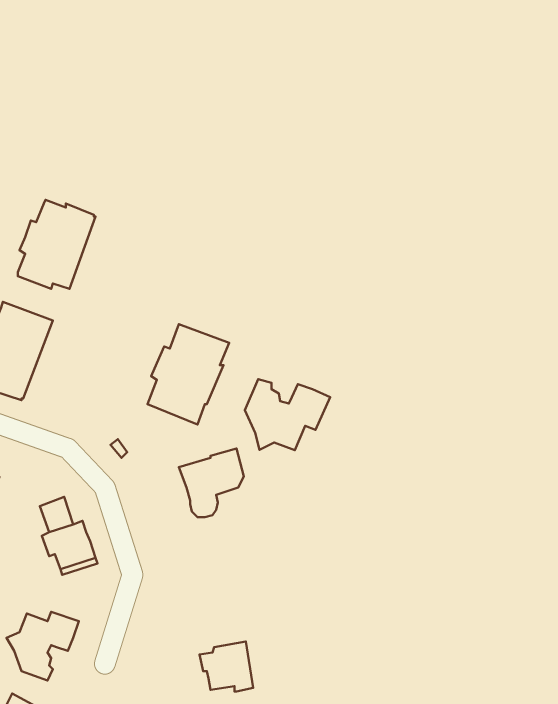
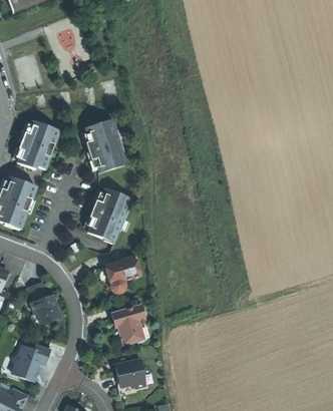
building: none -> [84,118,126,172]
building: [245,379,330,450] -> none
building: none -> [112,304,145,344]

